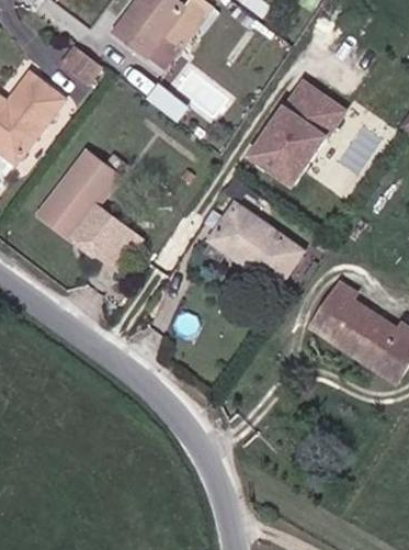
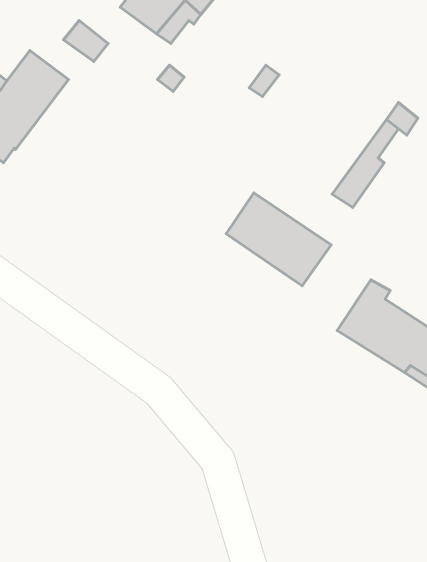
building: [252,81,344,182] -> none
building: [39,150,138,267] -> none

